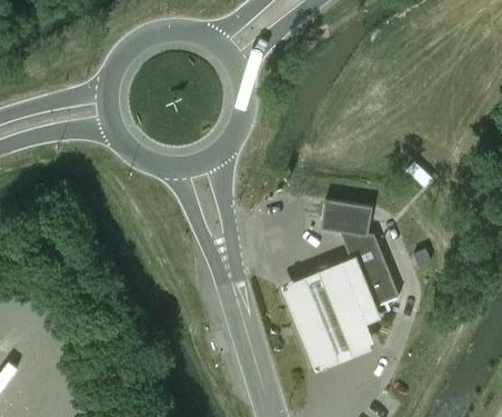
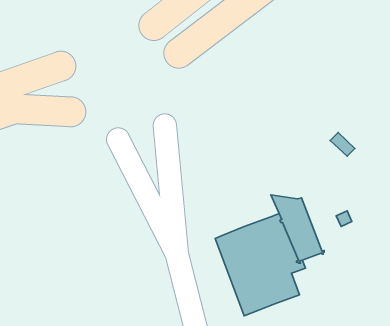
building: [324,206,376,241] -> none

